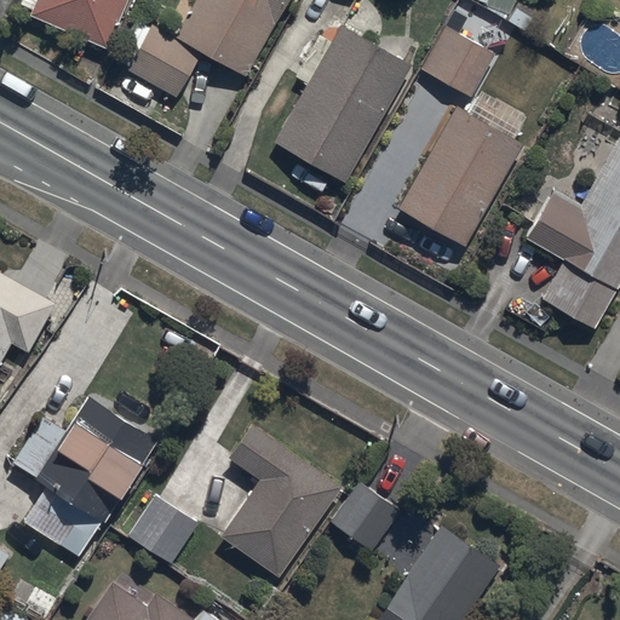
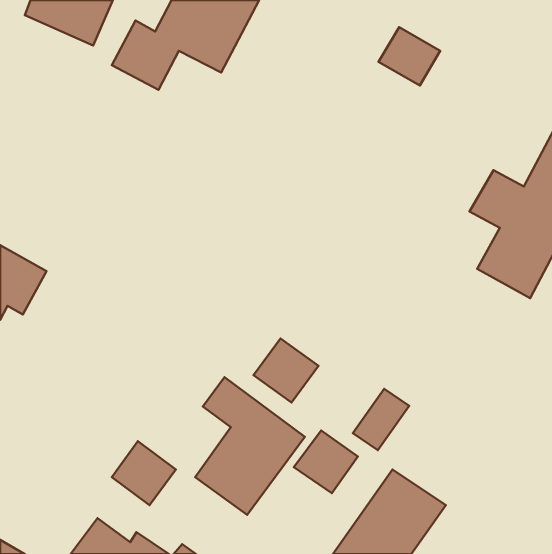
building: [275,27,414,186] -> none
building: [398,109,522,249] -> none
building: none -> [254,338,318,402]
building: [13,394,157,557] -> none
building: none -> [353,389,409,450]

